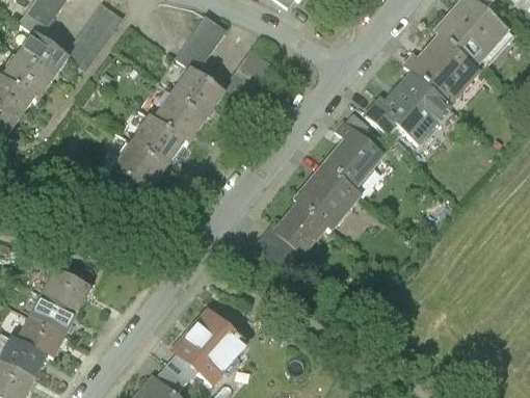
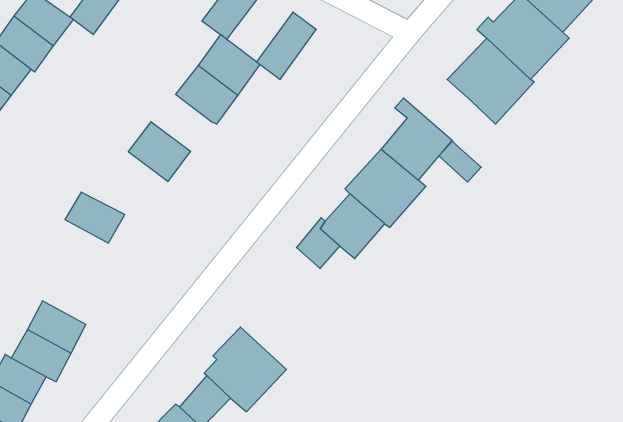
building: [364,101,399,135] -> [439,141,481,182]
building: [132,115,183,165] -> none
building: [42,267,91,310] -> [65,192,125,243]

